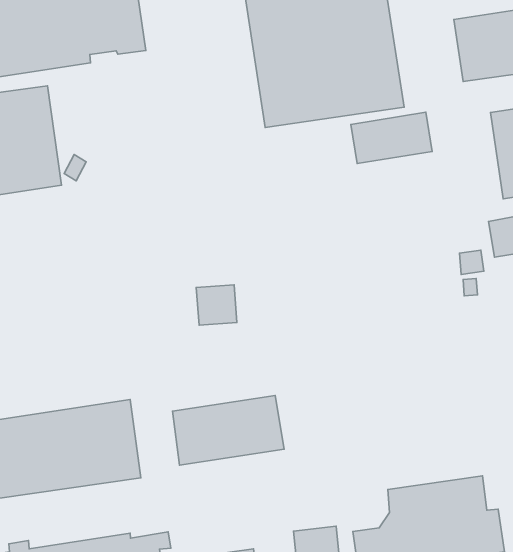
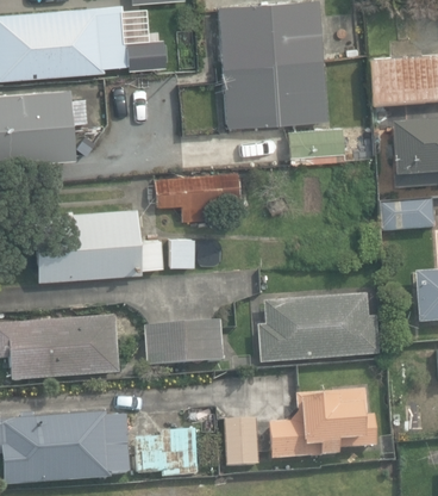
building: none -> [154,169,240,221]
building: none -> [35,206,162,278]
building: none -> [257,293,378,362]

